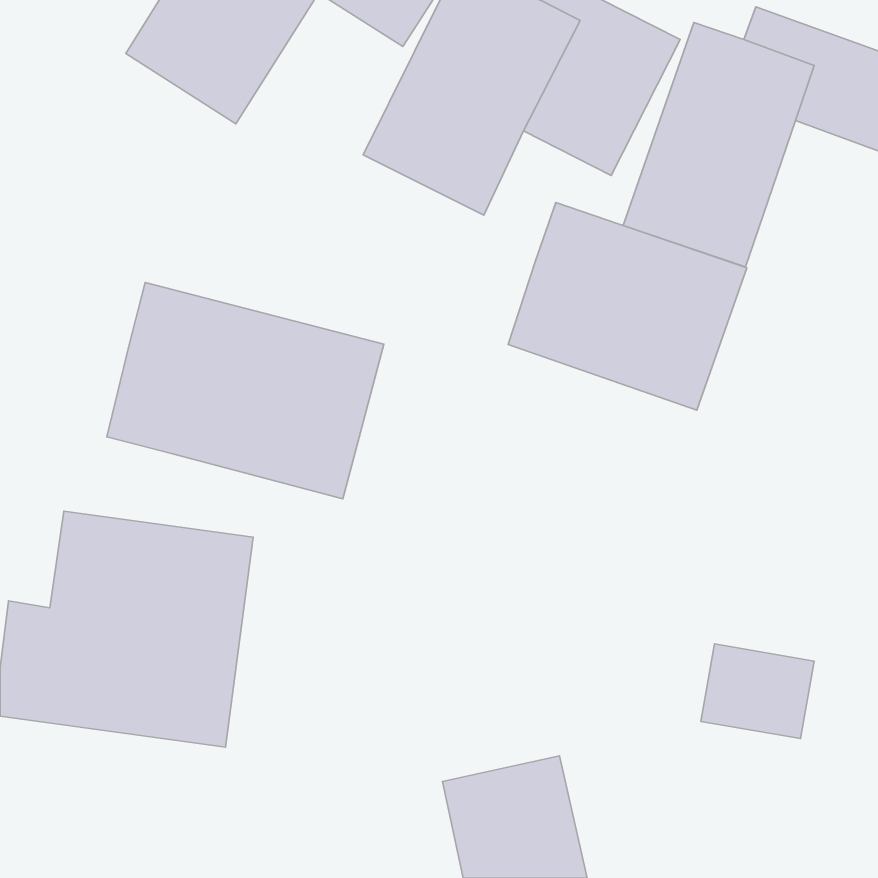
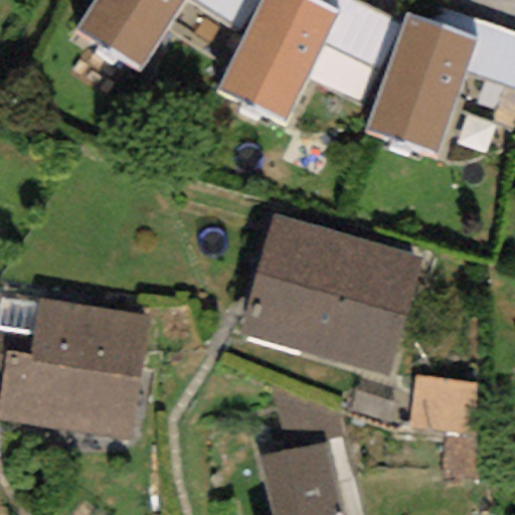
building: [508,203,747,410] -> none
building: [107,283,384,499] -> none
building: none -> [240,214,422,374]

